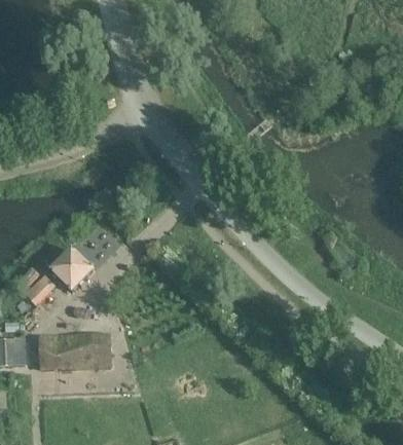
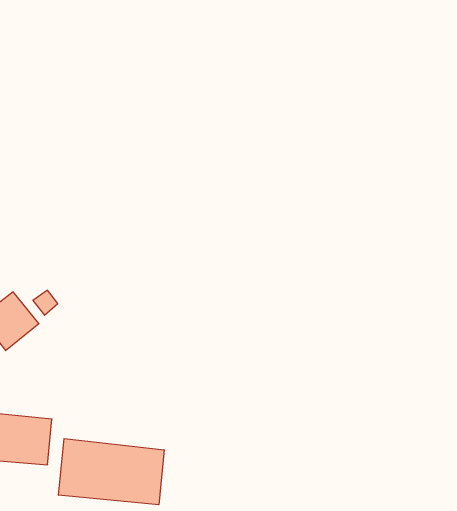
building: none -> [59,439,164,505]

